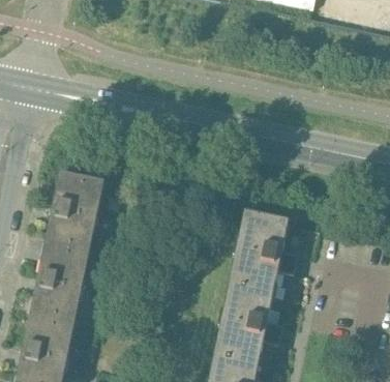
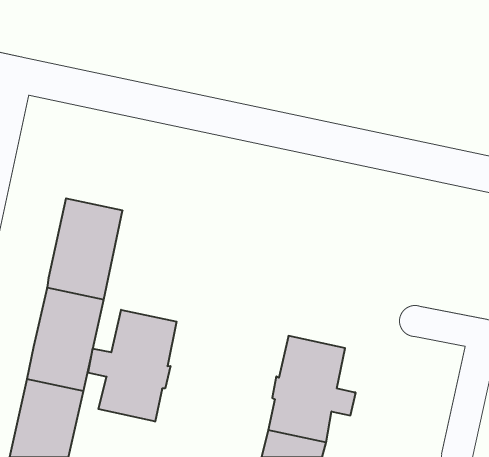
building: [230,215,296,292] -> none
building: none -> [88,310,177,422]

